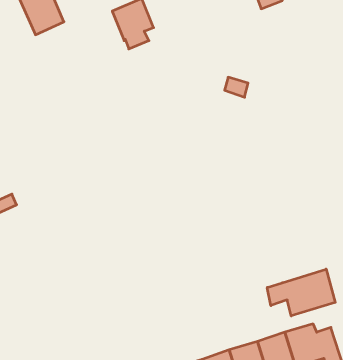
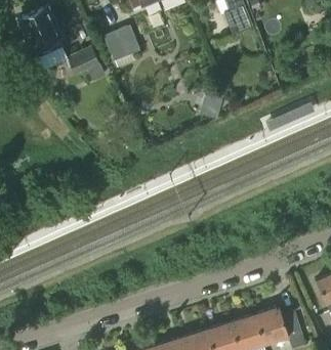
building: none -> [68,46,100,76]
building: [267,269,335,316] -> none

